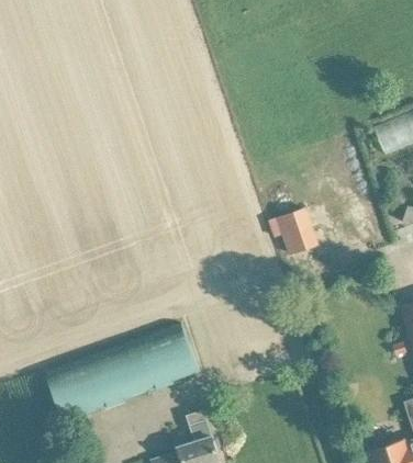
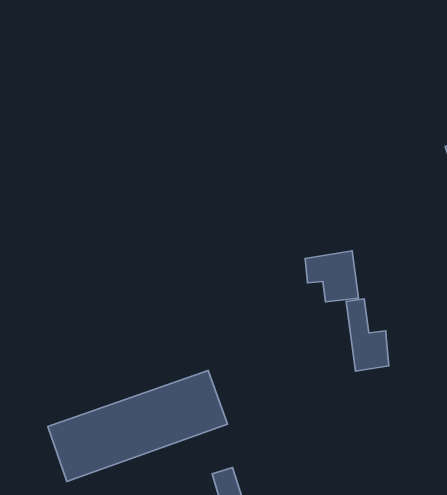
building: none -> [346,299,389,371]

